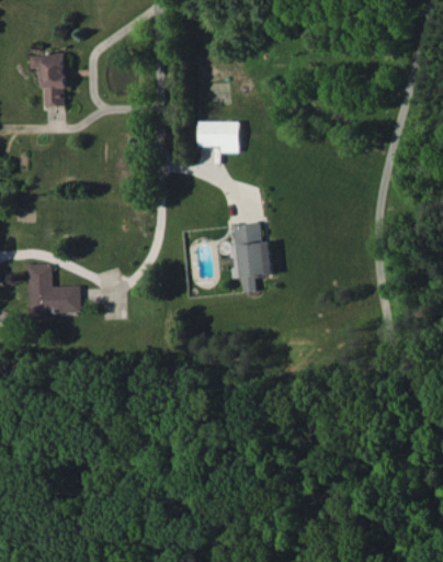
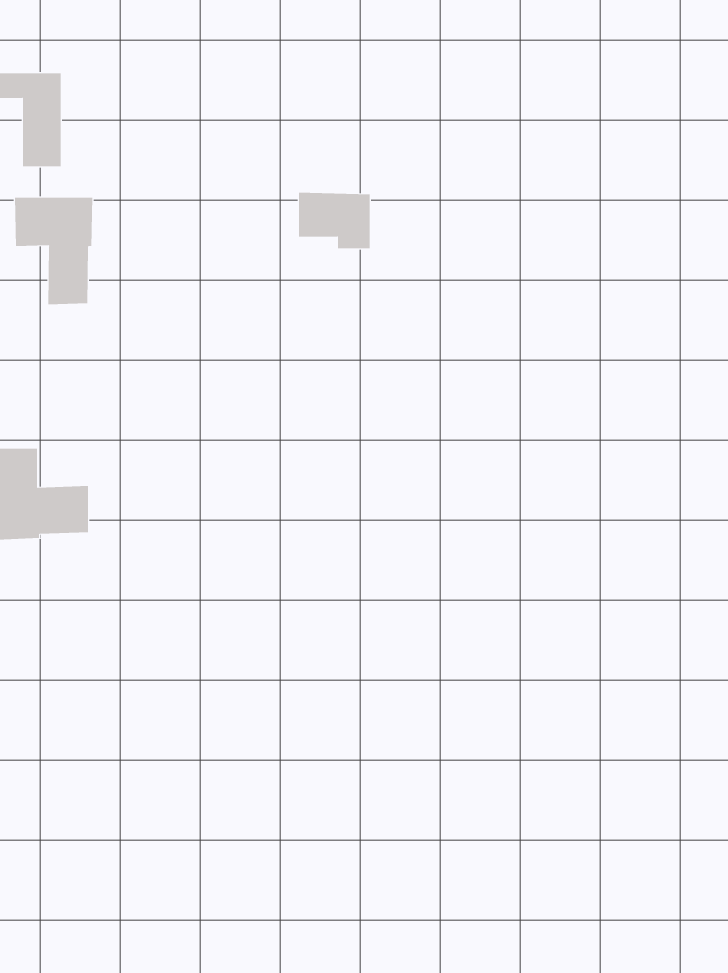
building: none -> [15,197,93,305]
building: [232,223,272,293] -> none

